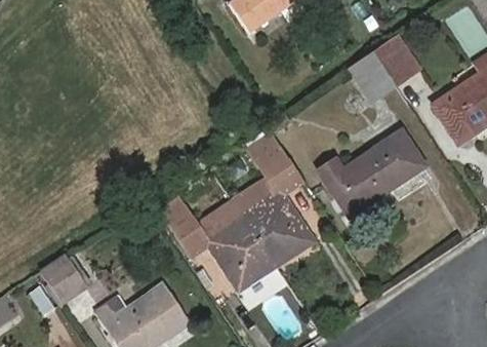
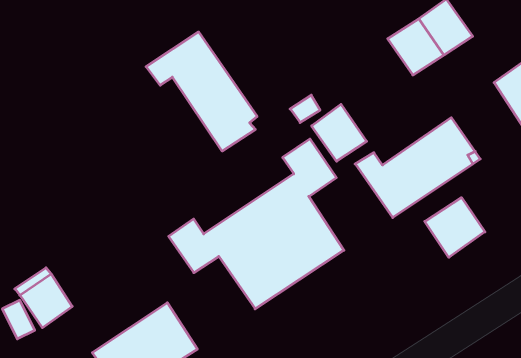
building: none -> [146,32,257,151]
building: none -> [312,104,367,161]
building: none -> [425,198,485,257]

